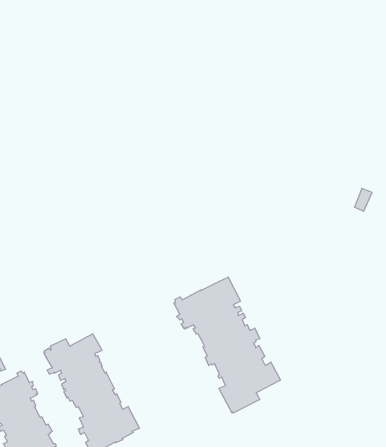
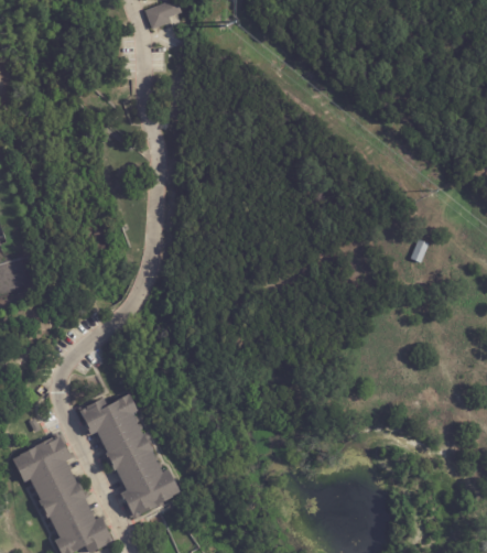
building: [174,277,280,413] -> none

